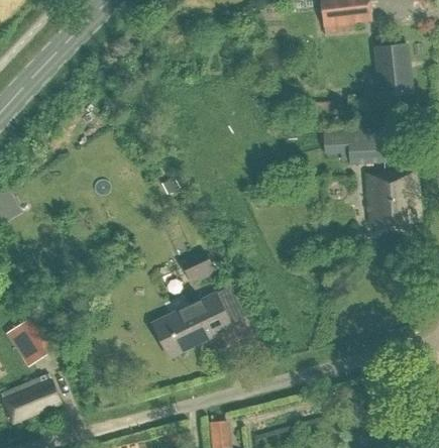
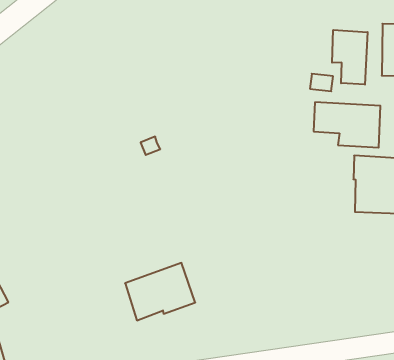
building: none -> [332,30,368,85]
building: [181,253,214,286] -> none

